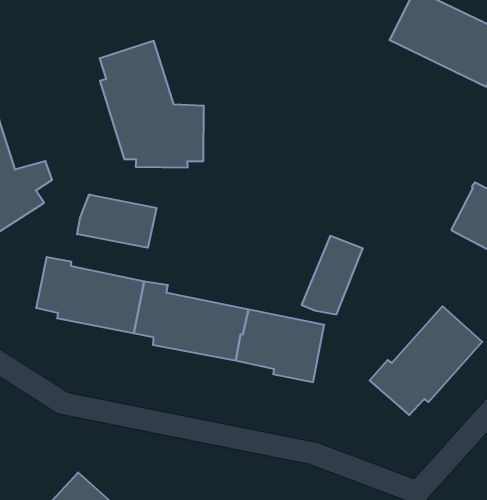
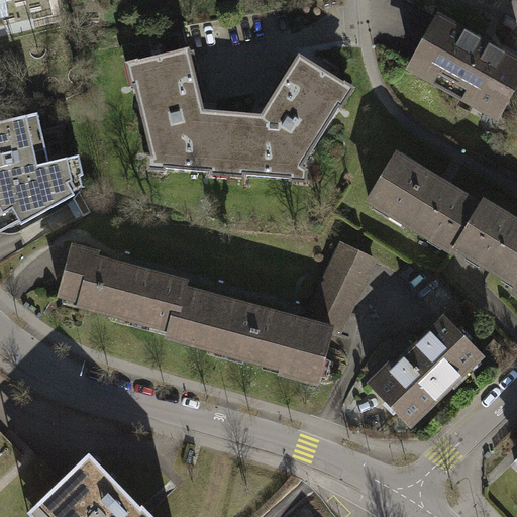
building: none -> [227,55,344,177]
building: none -> [369,156,481,251]
building: [77,194,156,248] -> none

